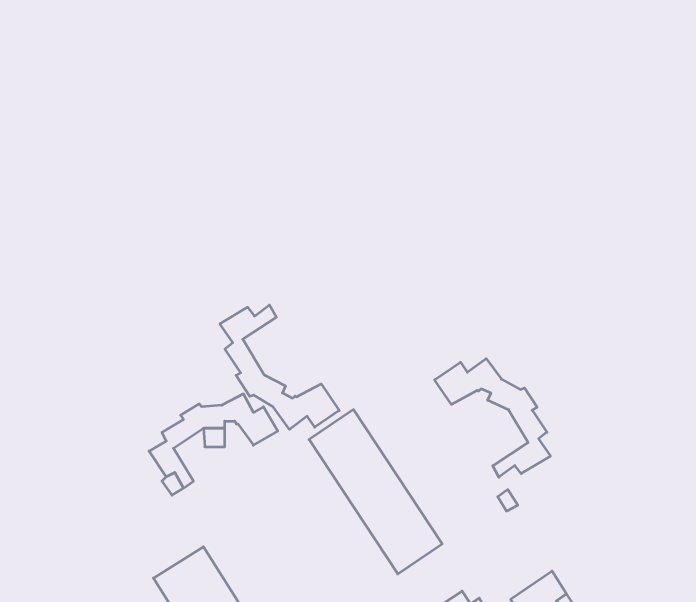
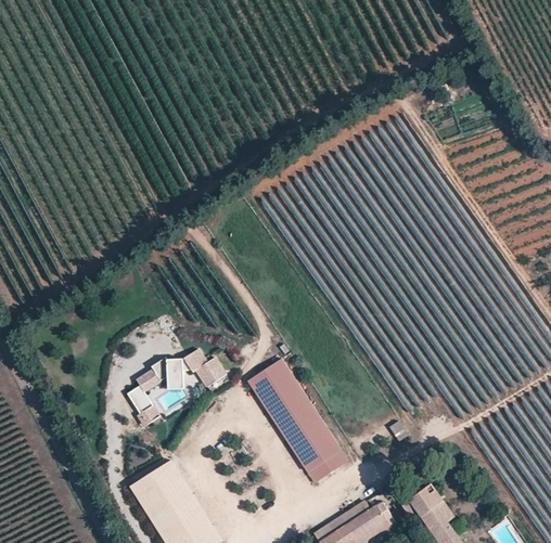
building: [220,305,339,429] -> none
building: [435,359,550,477] -> none

